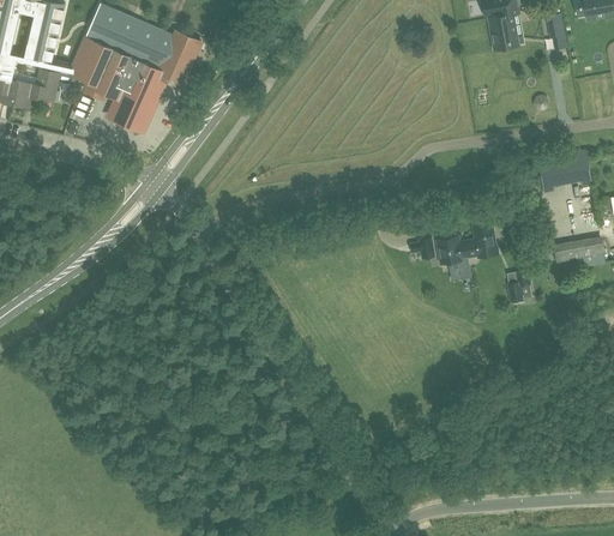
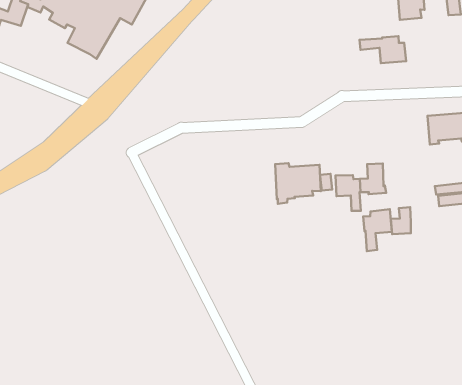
building: none -> [359,36,406,63]
building: none -> [275,163,321,204]
building: none -> [363,209,392,251]

